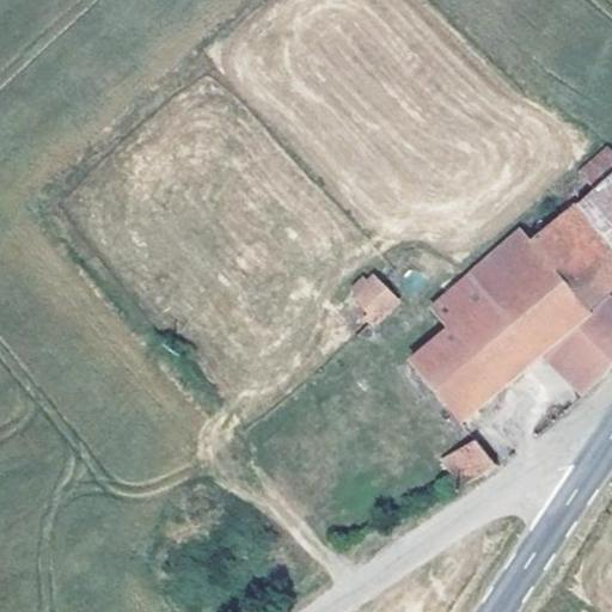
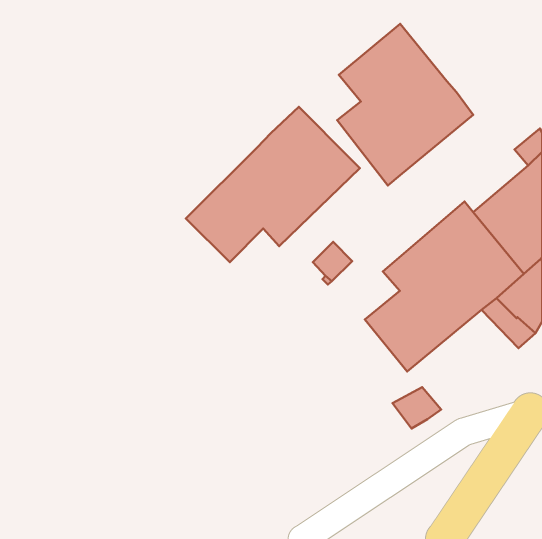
building: none -> [337,24,473,186]
building: none -> [186,107,360,262]

